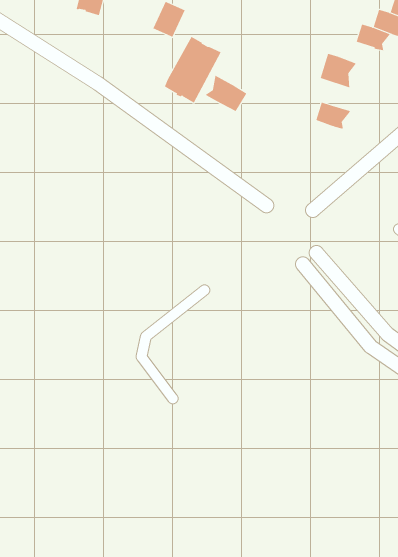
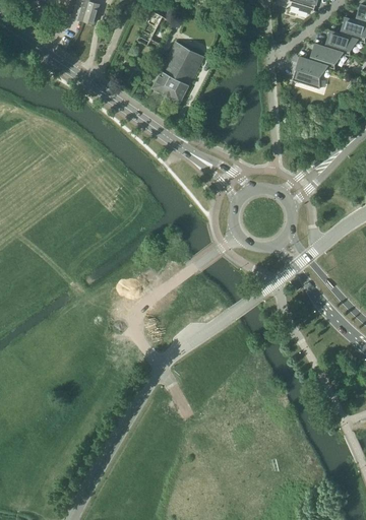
building: [205,75,247,112] -> none
building: [315,102,350,129] -> [310,44,342,68]

